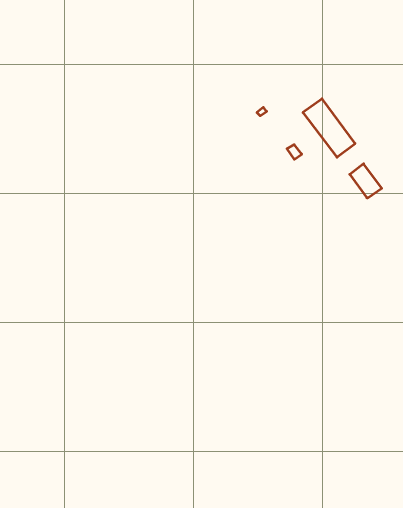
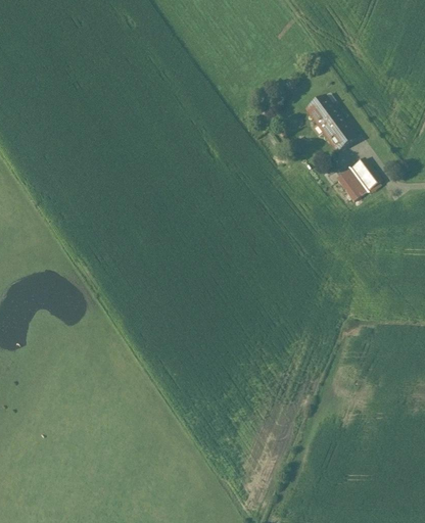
building: none -> [334,168,365,200]

